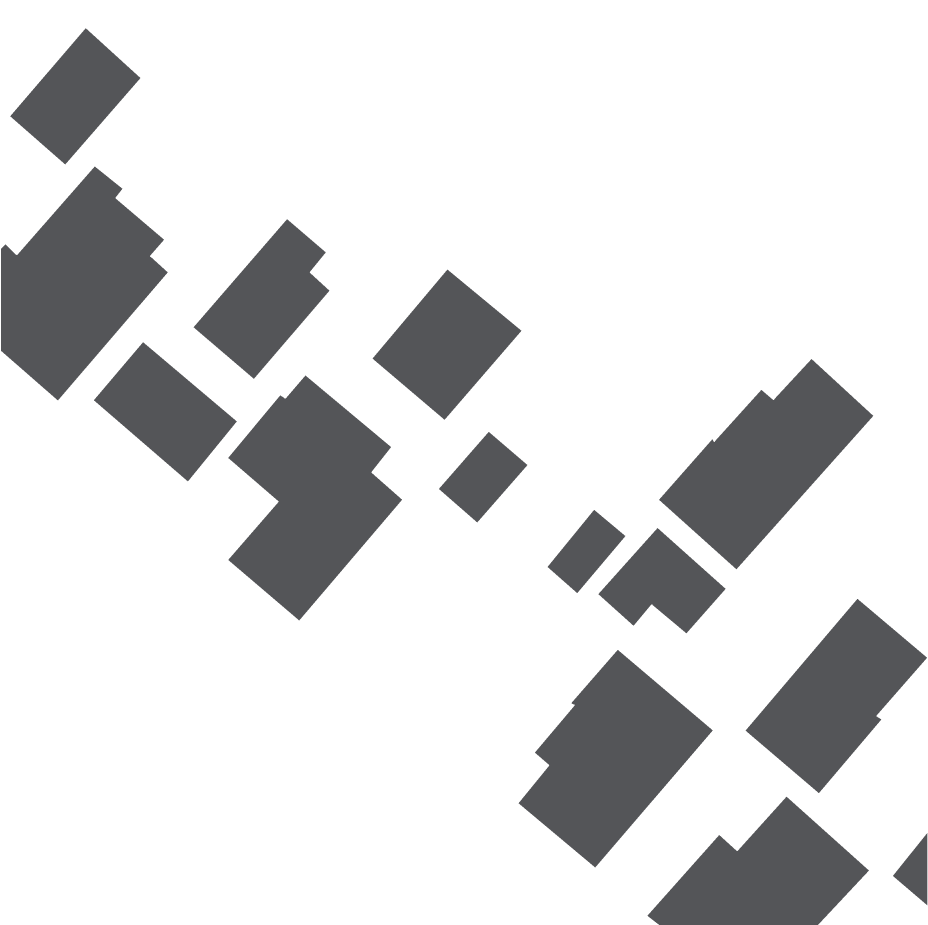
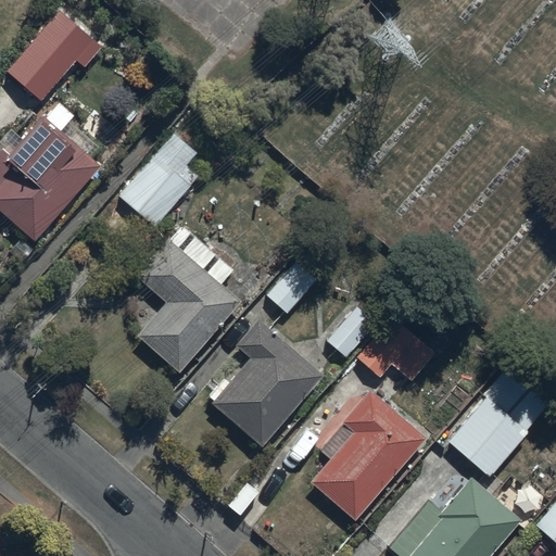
building: [371,269,523,421] -> none
building: [93,341,238,482] -> none
building: [658,358,874,570] -> none
building: none -> [212,319,323,444]

